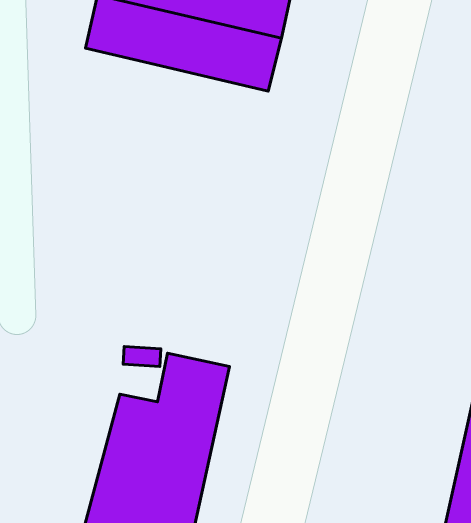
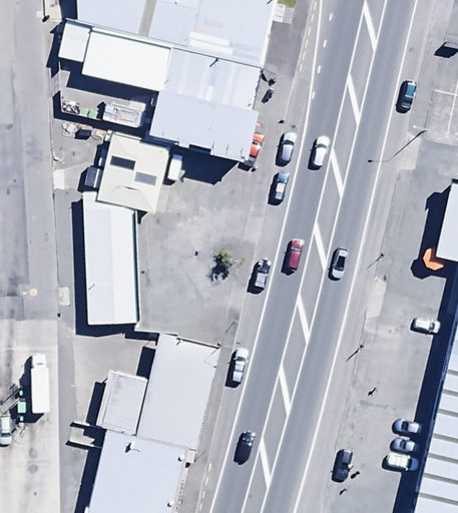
building: none -> [143,85,252,153]
building: none -> [95,129,168,210]
building: none -> [92,213,147,327]

